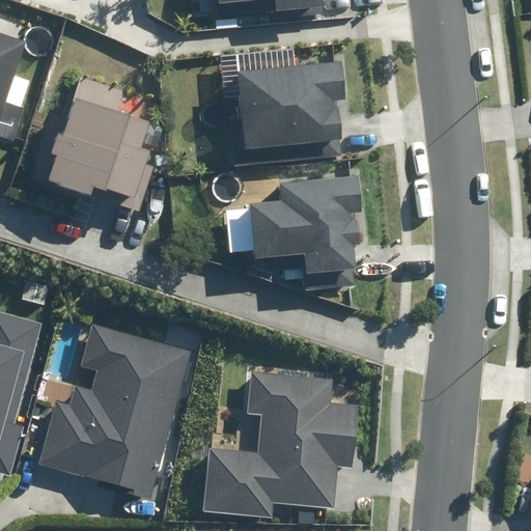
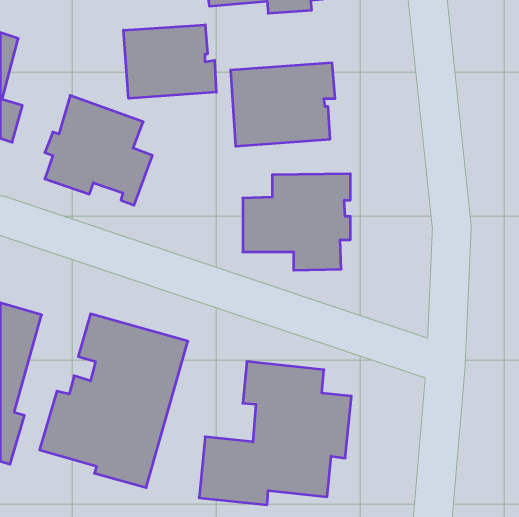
building: none -> [124,25,216,98]

